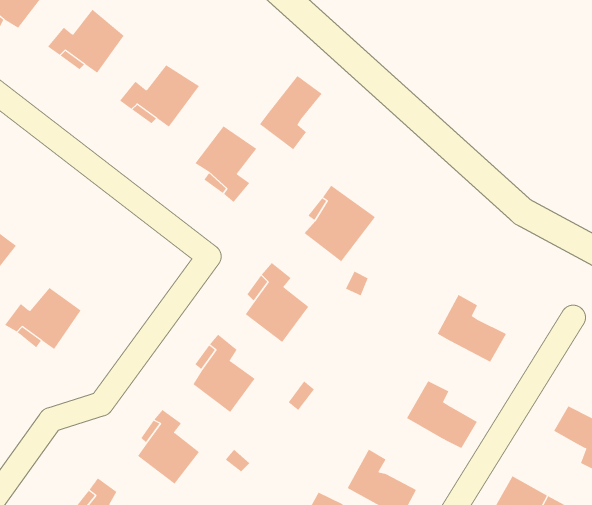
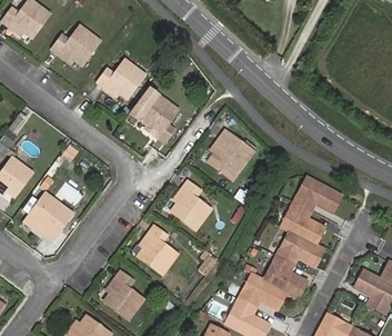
building: [259,75,323,150] -> none
building: none -> [300,176,348,211]
building: none -> [281,230,329,265]
building: none -> [244,273,291,308]

